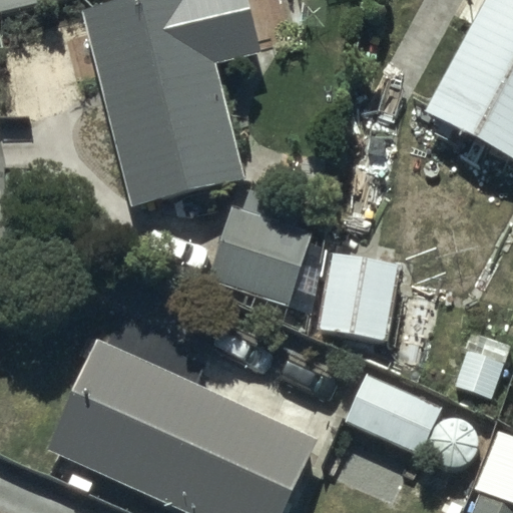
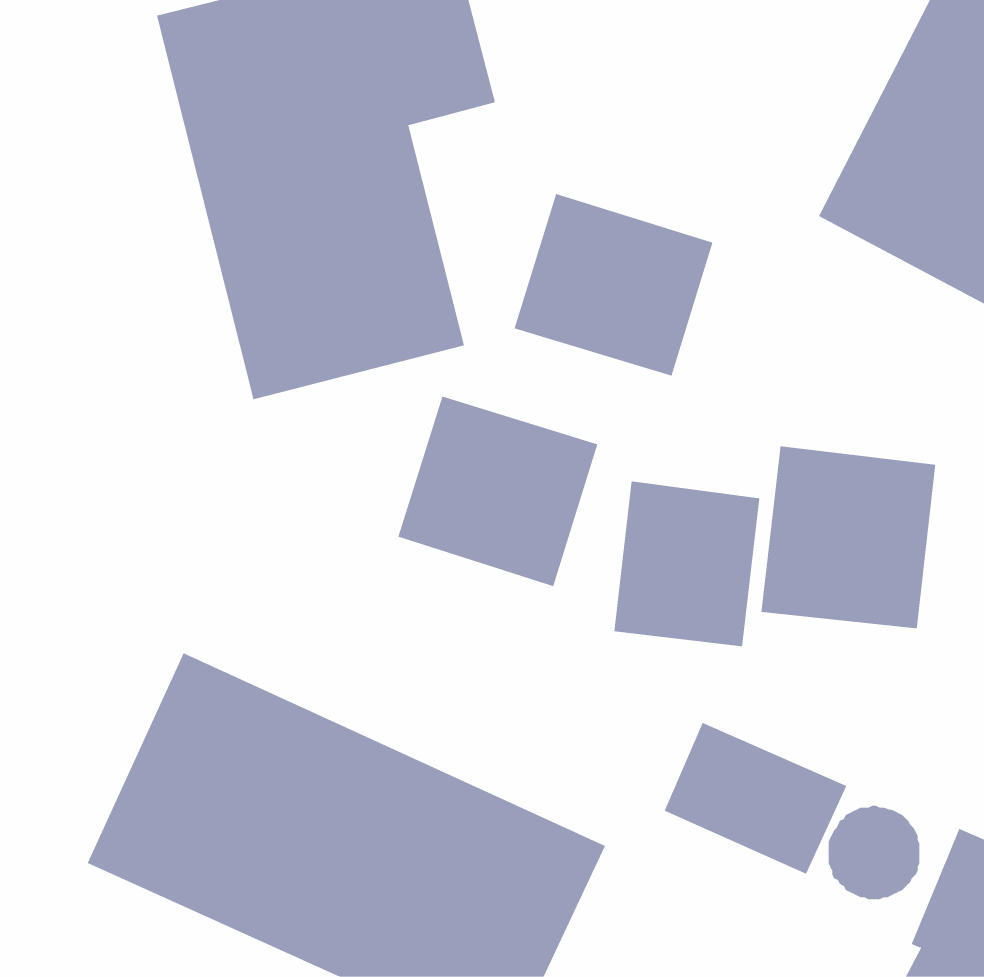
building: none -> [514,193,713,376]
building: none -> [761,446,936,629]

